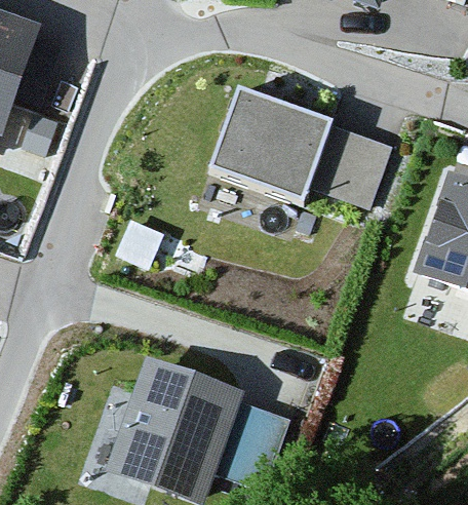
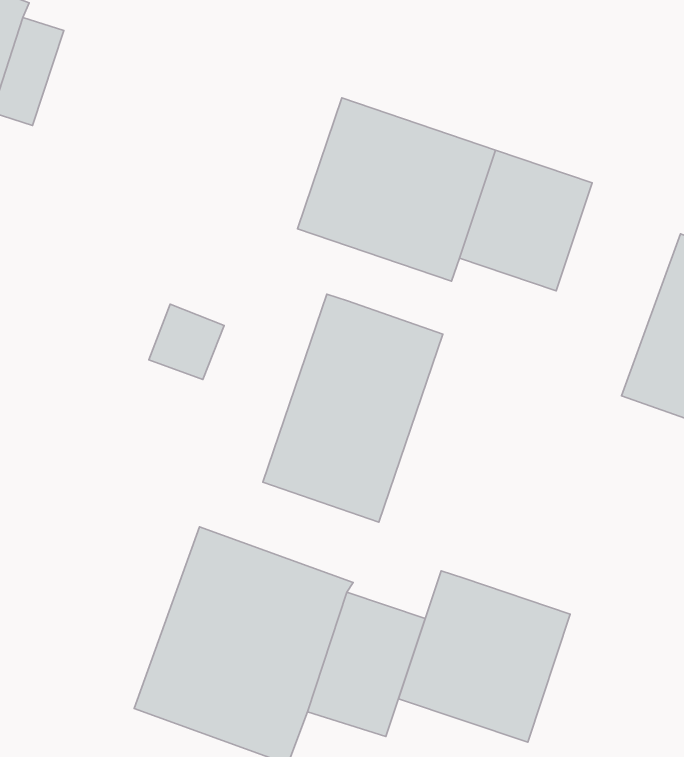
building: none -> [263,294,443,522]
building: none -> [399,571,570,742]

